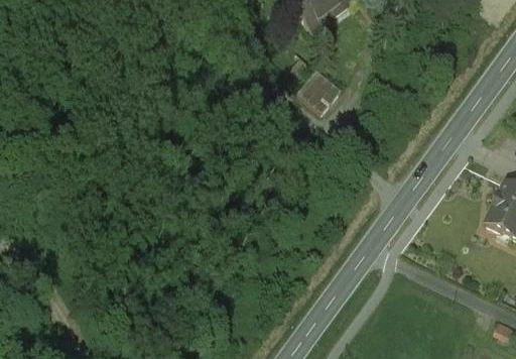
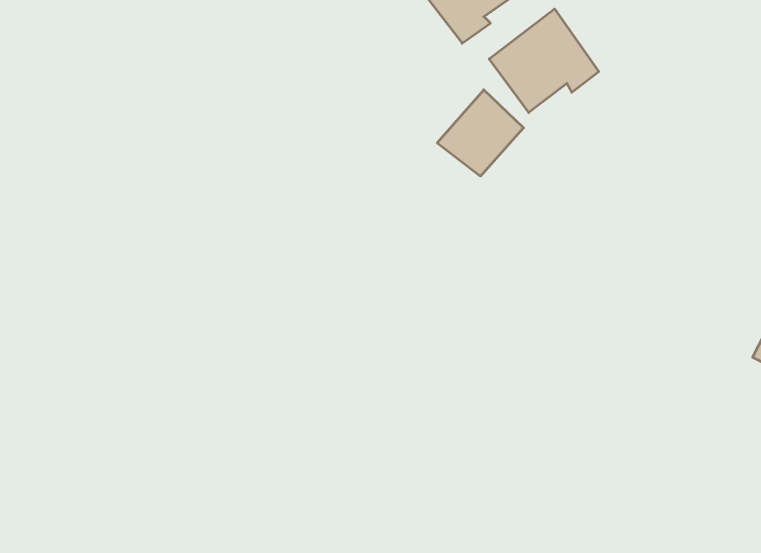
building: none -> [489,9,599,113]

